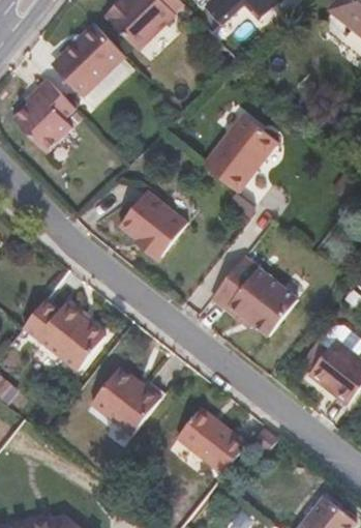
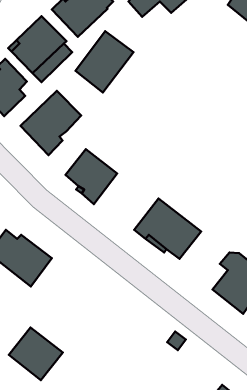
building: [202,114,276,193] -> [75,31,133,93]
building: none -> [20,91,81,155]
building: [91,365,160,433] -> [9,328,63,380]
building: [177,408,246,474] -> none

